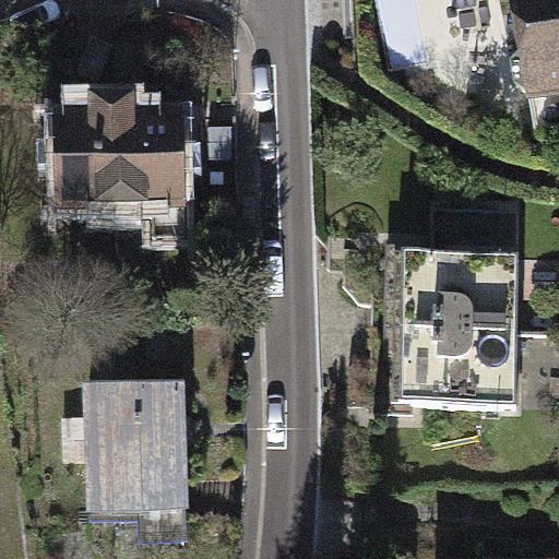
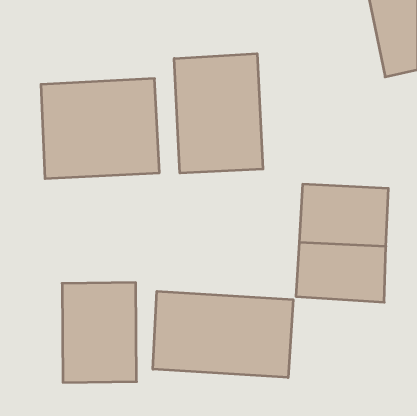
building: none -> [174,54,263,173]
building: none -> [153,291,293,378]

